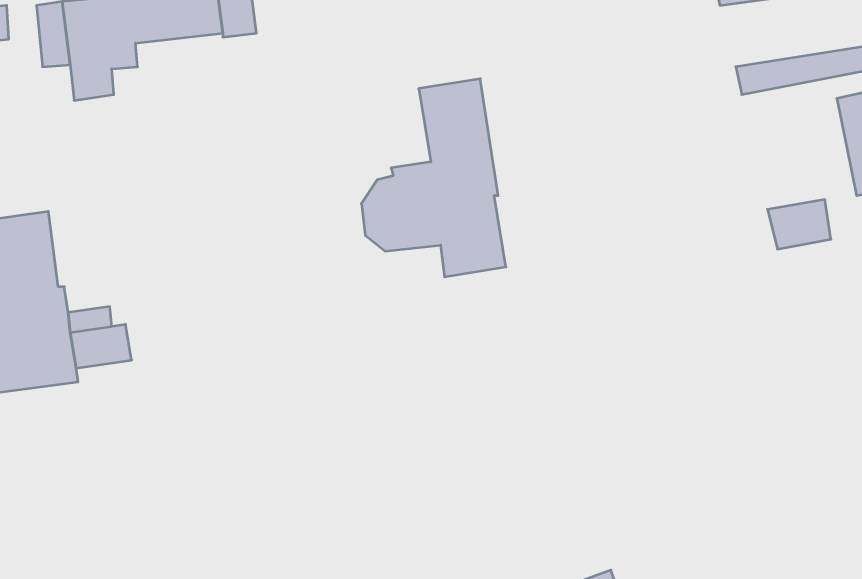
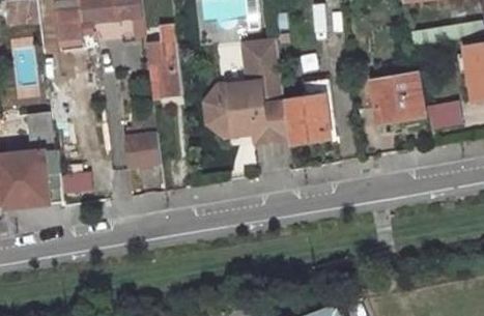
building: none -> [143,42,181,98]
building: none -> [369,76,421,132]
building: none -> [281,81,329,145]
building: none -> [125,133,161,168]

